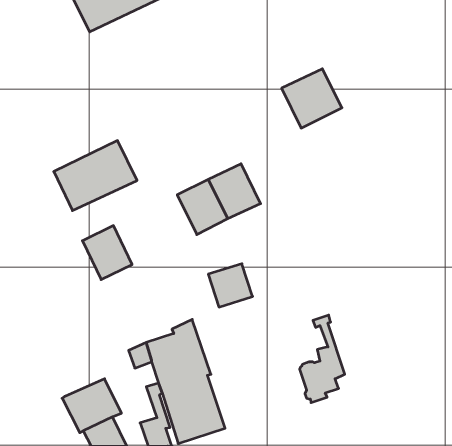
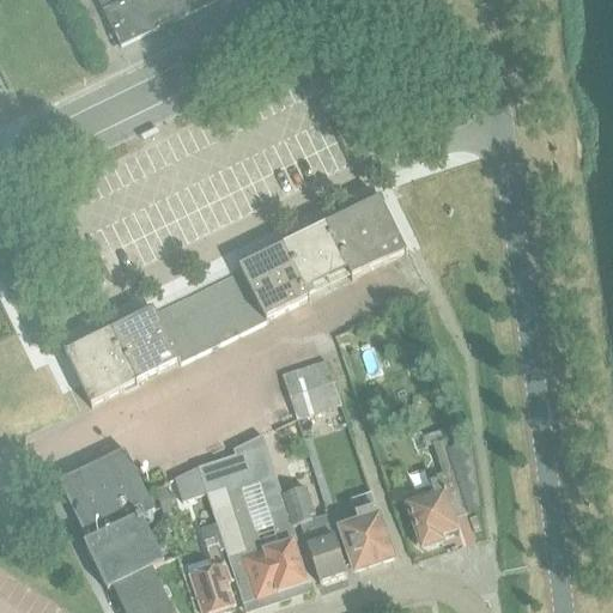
building: [282,69,342,128] -> [326,195,407,275]
building: [54,141,137,211] -> [153,263,266,358]
building: none -> [65,326,136,401]
building: none -> [59,445,154,536]
building: none -> [281,484,345,579]
building: none -> [339,491,392,568]

